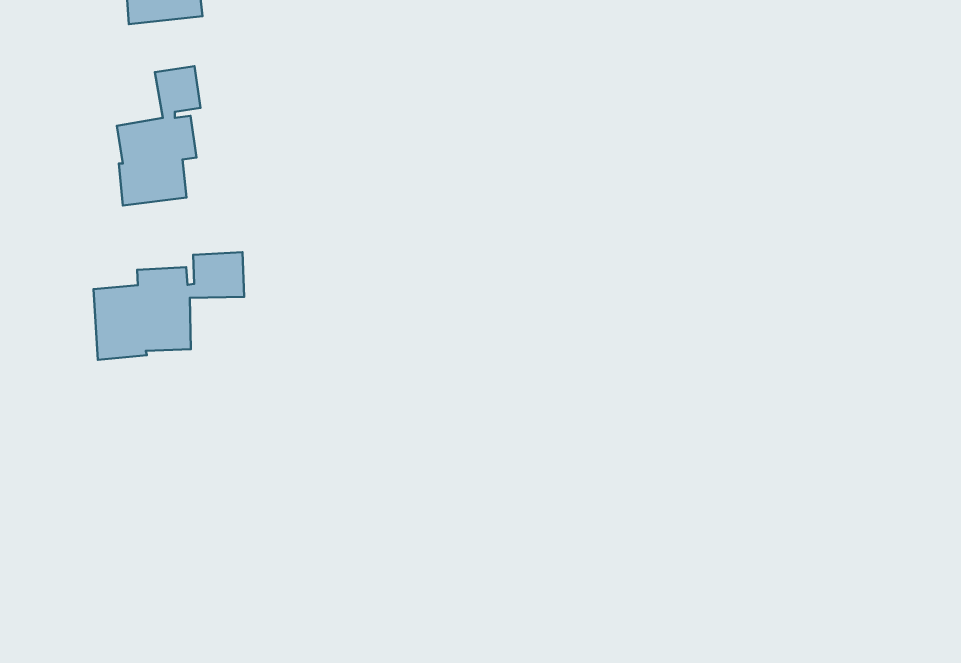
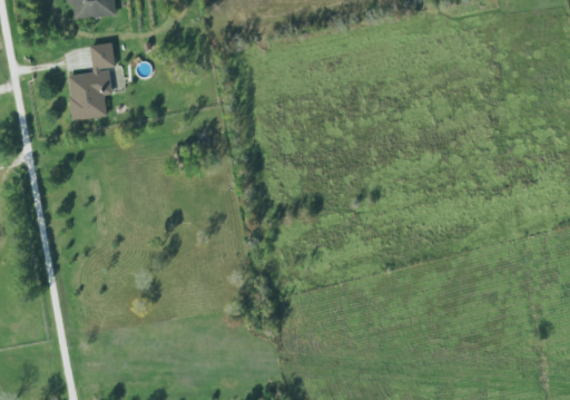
building: [93,252,244,360] -> none

